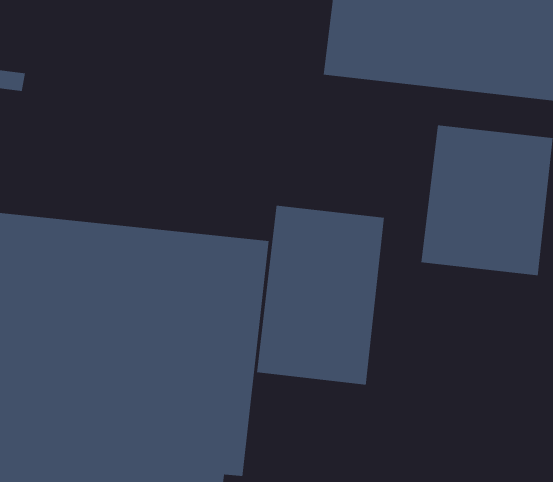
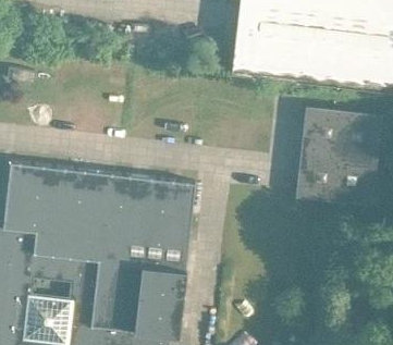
building: [256,205,384,385] -> none

